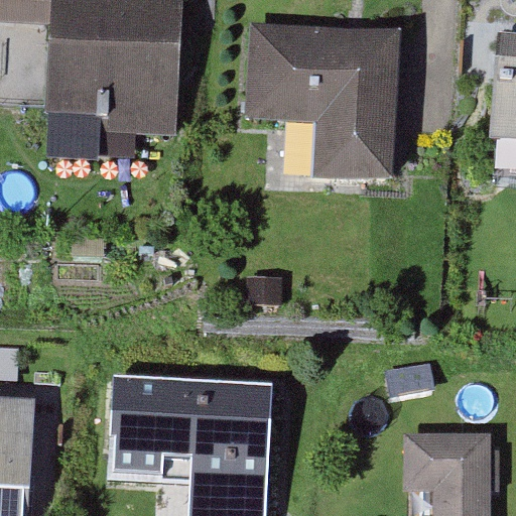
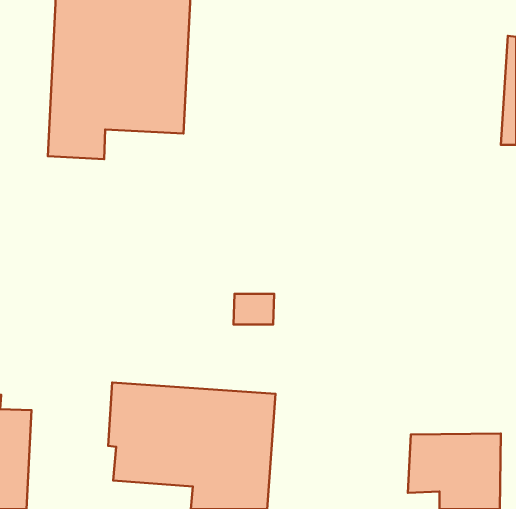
building: [238,25,397,181] -> none

